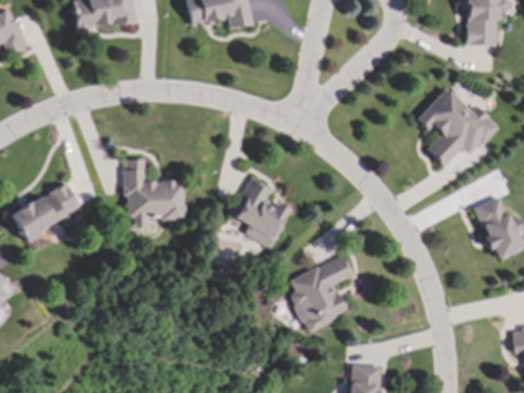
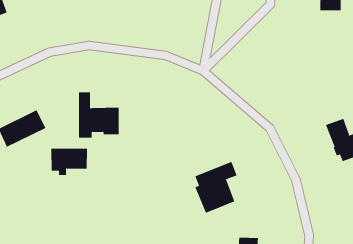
building: [418,88,498,167] -> none
building: [230,179,288,248] -> none
building: none -> [51,148,87,176]

